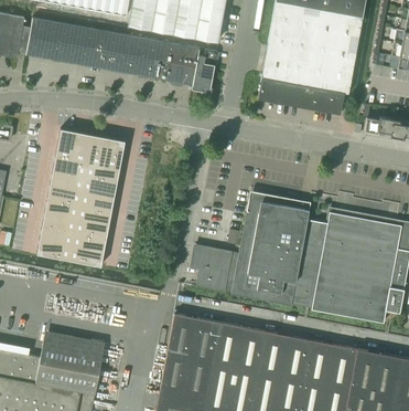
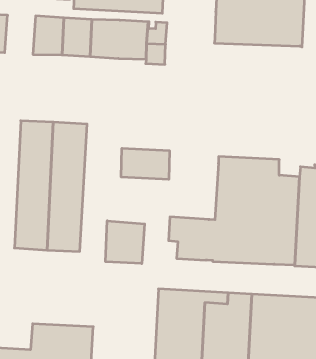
building: [54,23,89,65] -> none
building: [259,78,346,115] -> none
building: none -> [121,148,169,179]
building: none -> [106,221,145,264]

